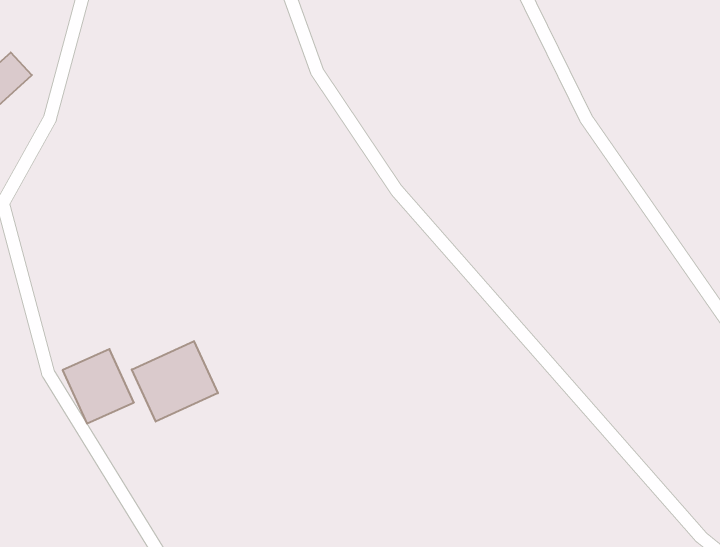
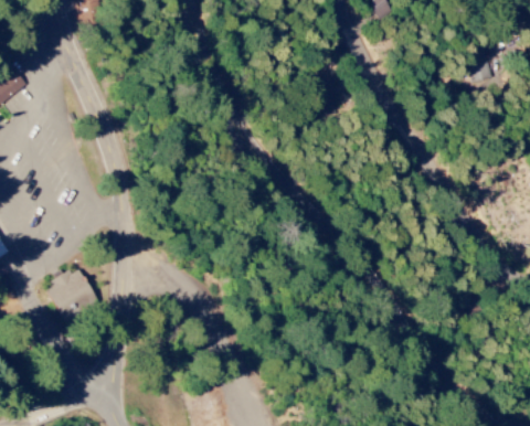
building: [132,341,218,422] -> none

